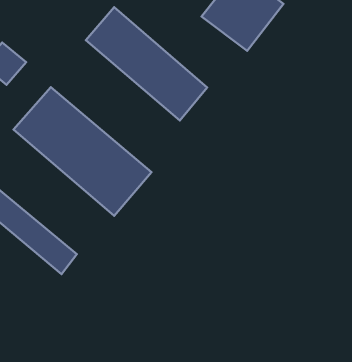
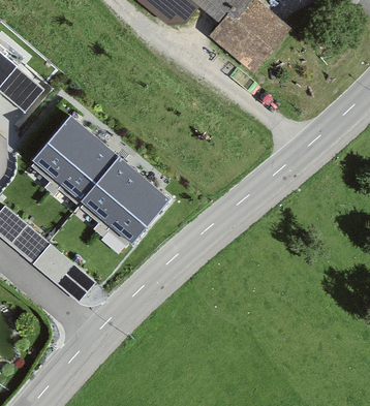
building: [86,7,207,121] -> none

